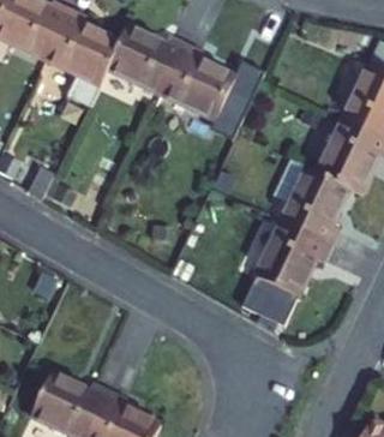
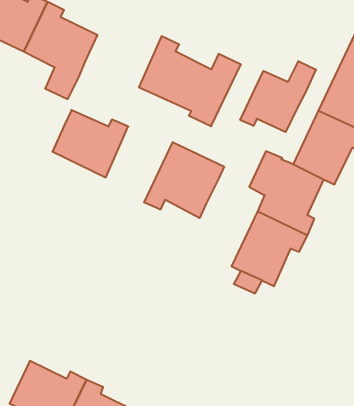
building: [107,26,184,95] -> [52,110,128,178]
building: none -> [240,61,316,132]
building: none -> [144,142,224,218]

